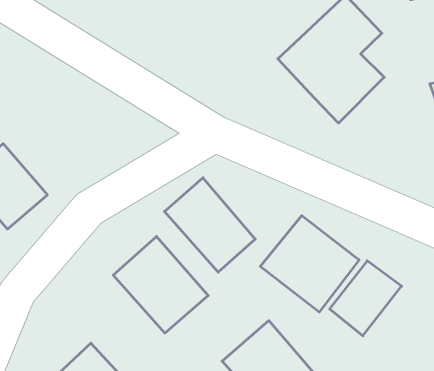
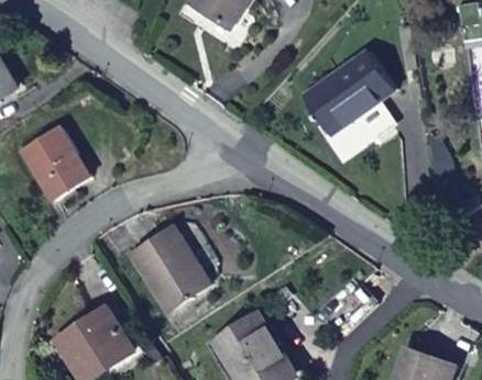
building: [164,178,255,272] -> none
building: [260,216,359,312] -> none

